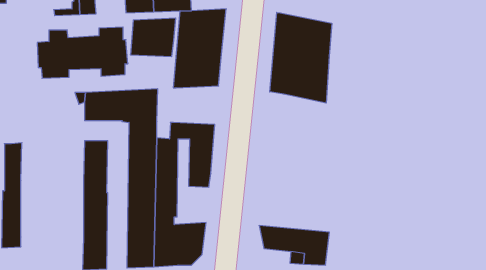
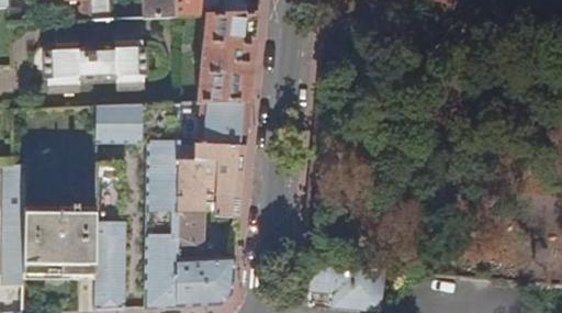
building: [270,12,332,103] -> none
building: [130,18,176,57] -> [198,101,249,145]
building: none -> [24,209,95,275]

